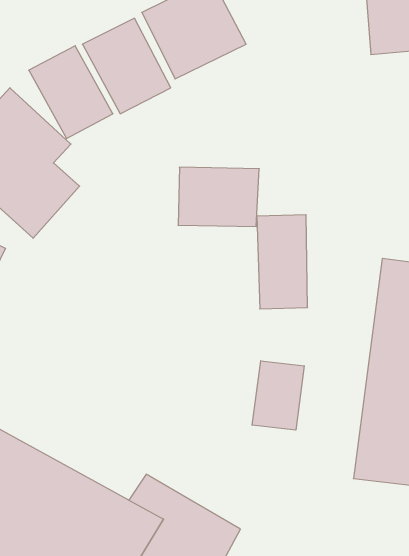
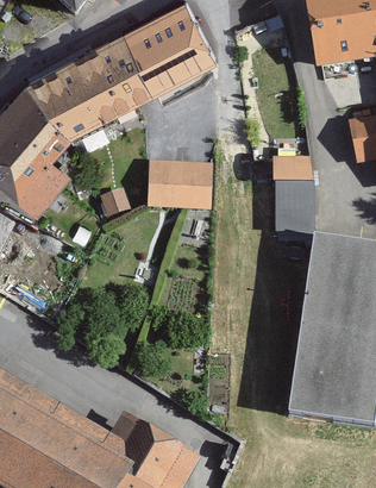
building: [257,215,308,309] -> [275,154,317,231]
building: [252,361,304,430] -> none

